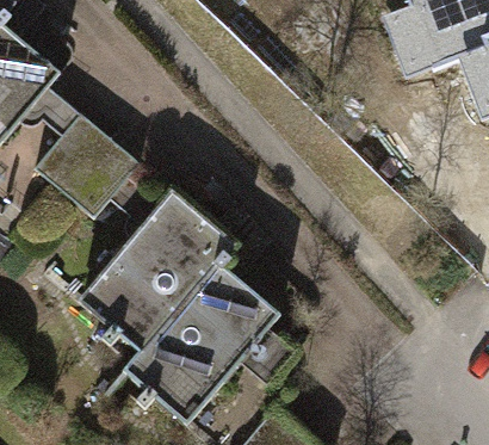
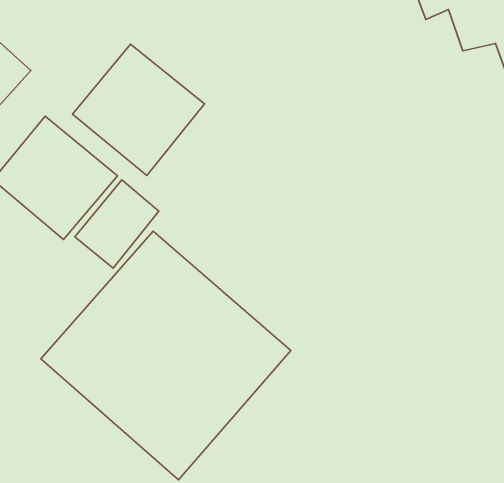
building: none -> [73,44,205,176]

